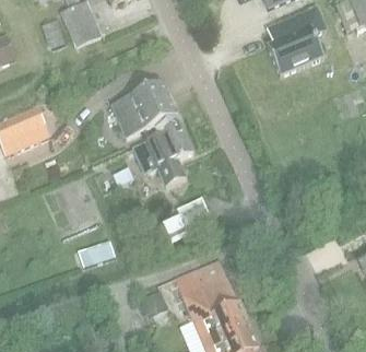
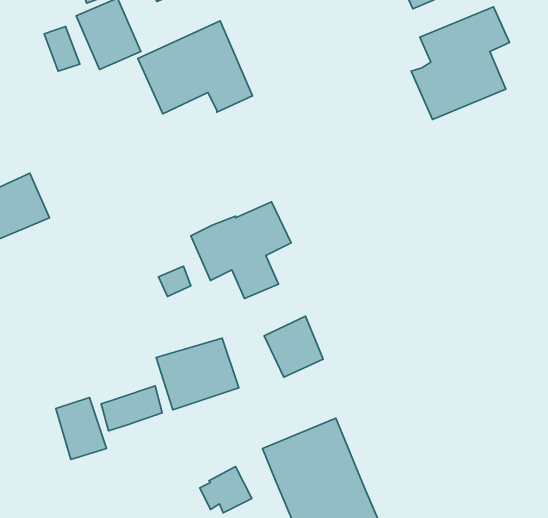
building: [110,80,180,137] -> [138,21,252,114]
building: none -> [156,338,239,410]
building: none -> [56,397,106,459]

